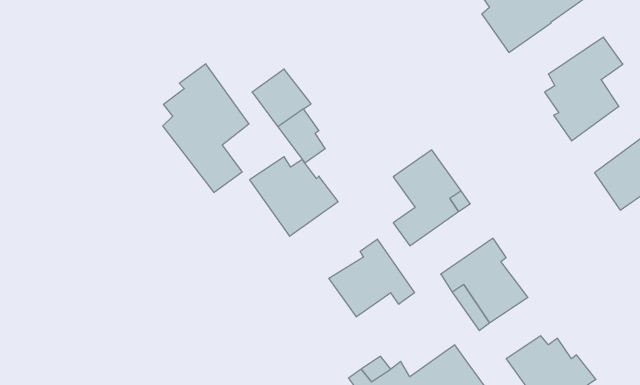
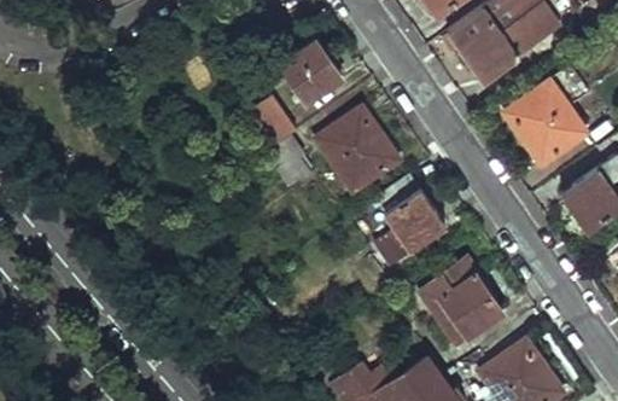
building: none -> [281,42,342,103]
building: [163,64,249,193] -> none
building: [250,157,338,236] -> [316,117,400,192]
building: [329,239,415,317] -> none

